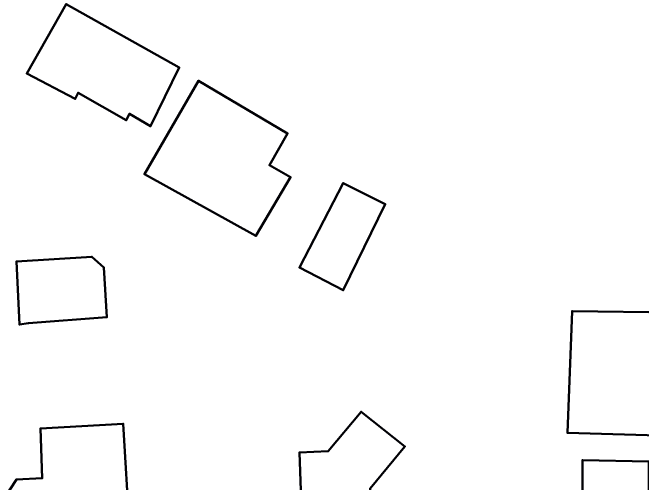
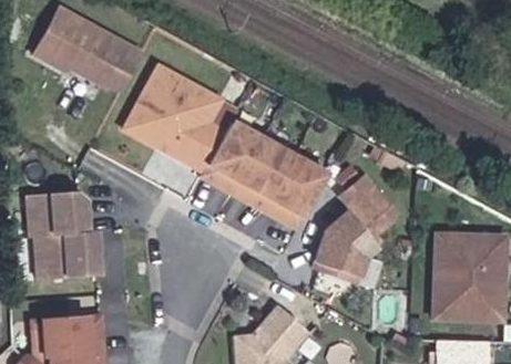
building: none -> [198,118,265,198]
building: none -> [265,152,328,231]
building: none -> [310,173,399,283]
building: none -> [33,235,103,279]

